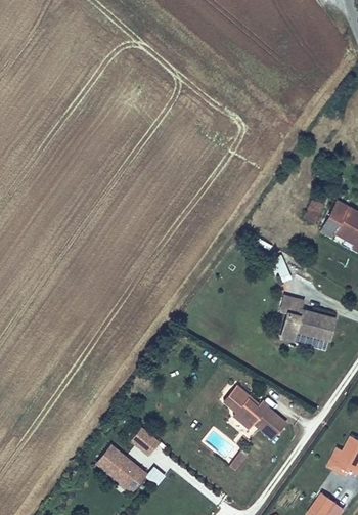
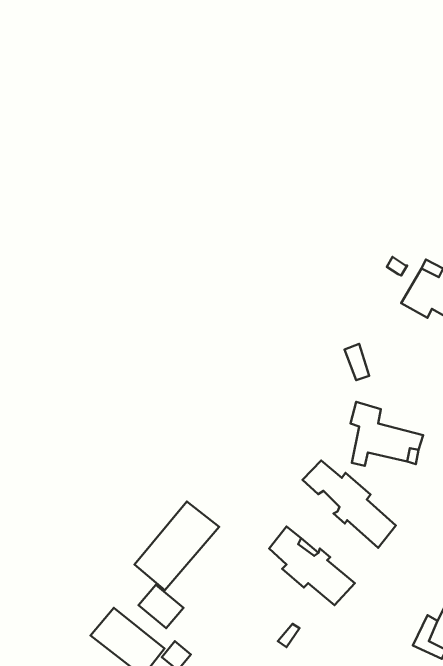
building: none -> [303,460,396,548]
building: none -> [135,502,219,590]

